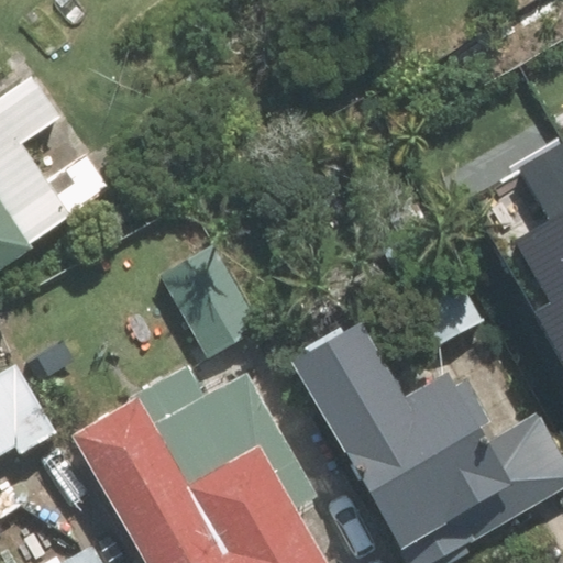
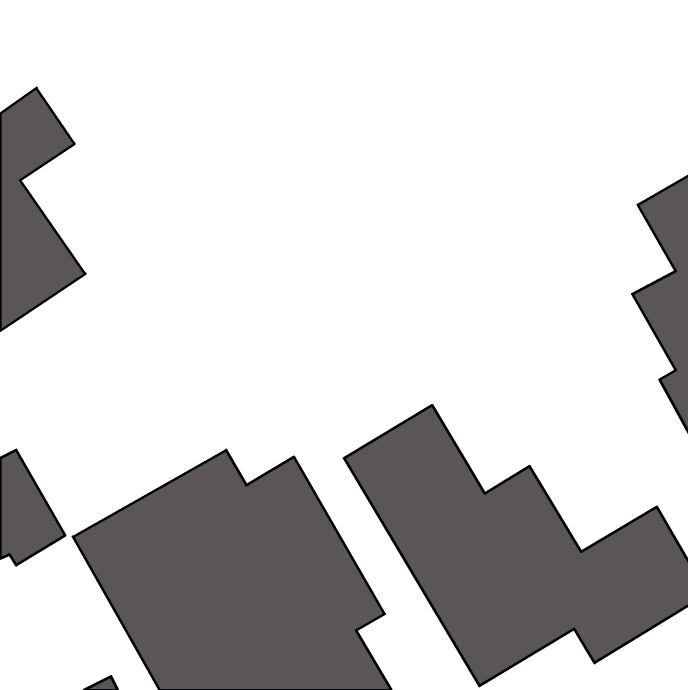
building: [156,245,264,361] -> none

